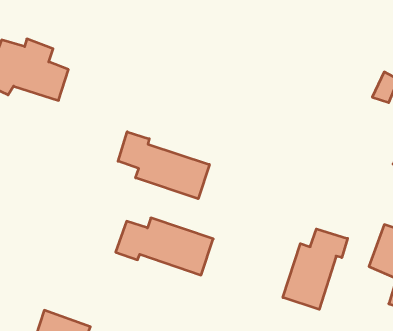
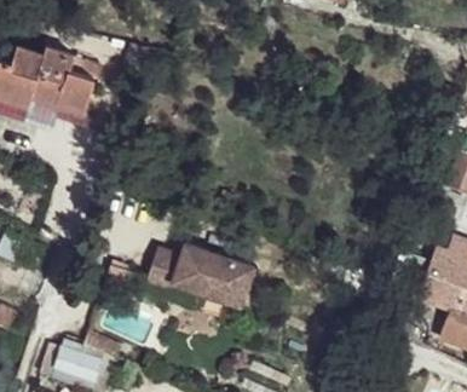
building: [118,132,209,199] -> none
building: [283,229,348,309] -> none

